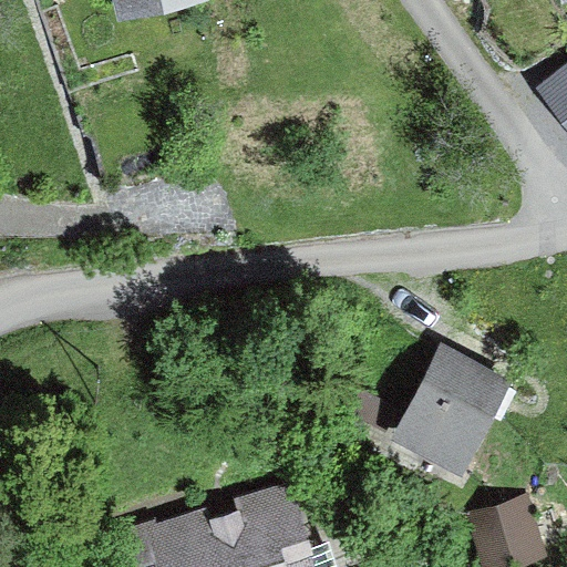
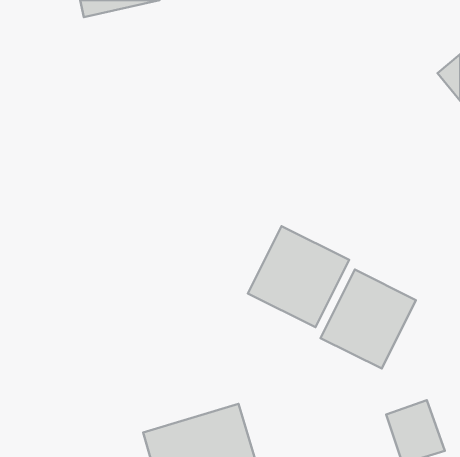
building: none -> [248,226,349,327]

